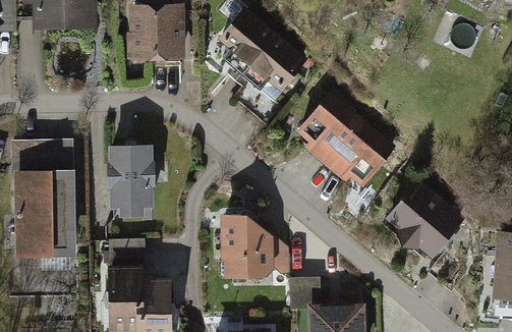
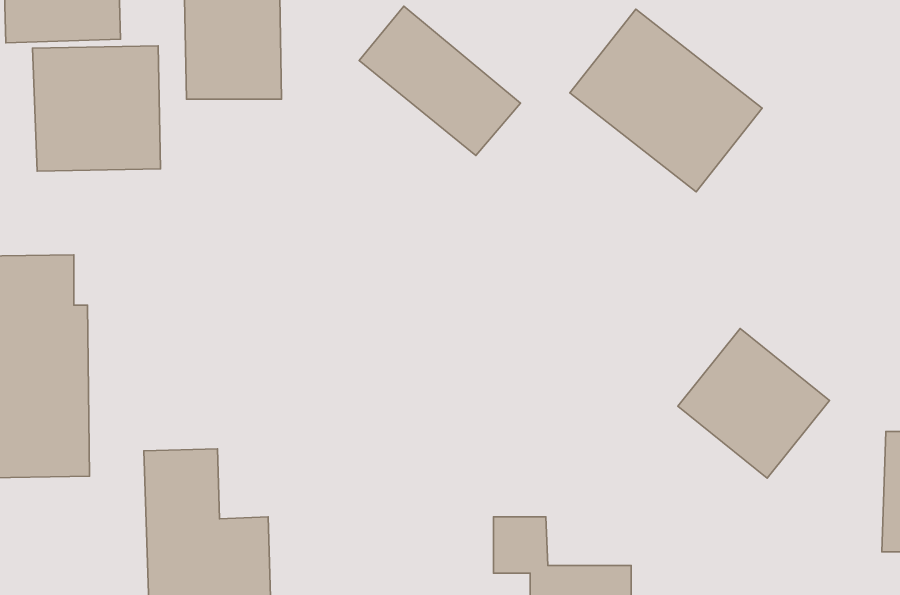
building: none -> [33,46,160,171]
building: [294,95,395,190] -> [570,9,762,192]
building: [105,144,155,222] -> none
building: [220,214,287,277] -> none

